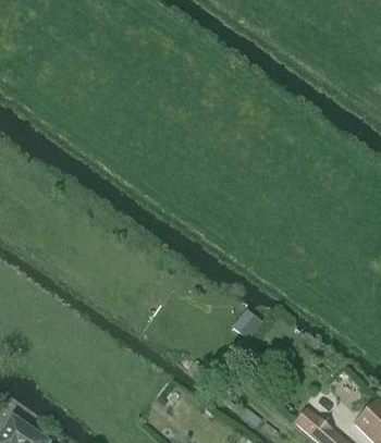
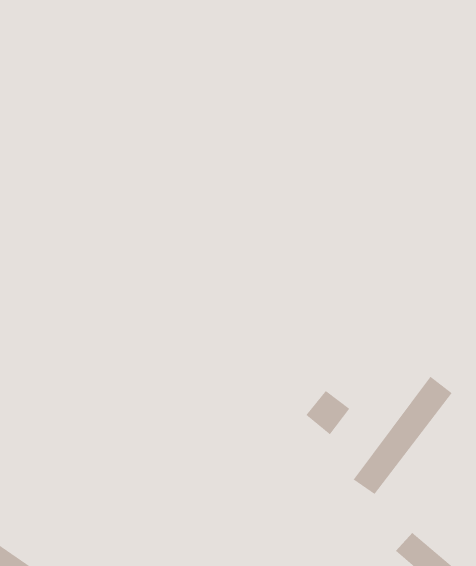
building: none -> [353,376,453,495]

